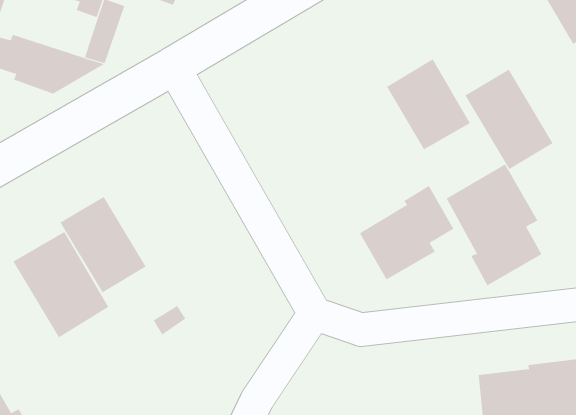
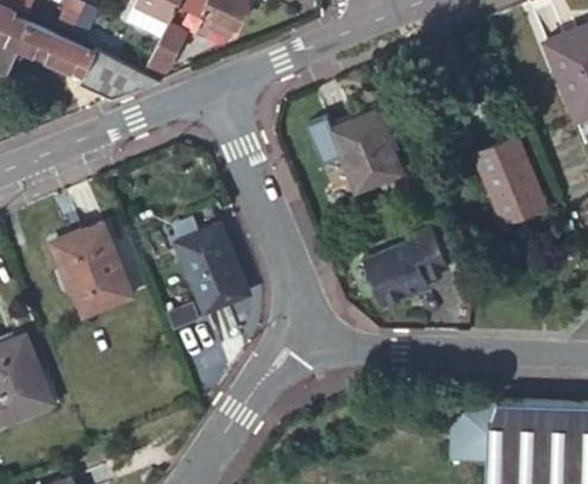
building: [386,59,471,150] -> [331,113,401,193]
building: [446,164,542,286] -> none
building: [60,196,147,293] -> [177,226,249,312]

